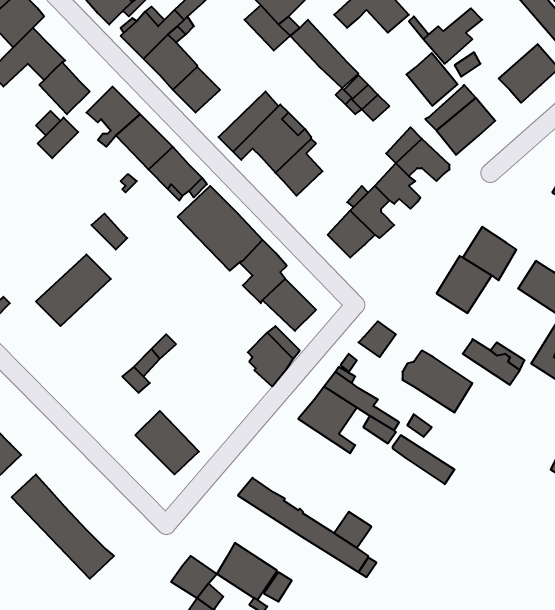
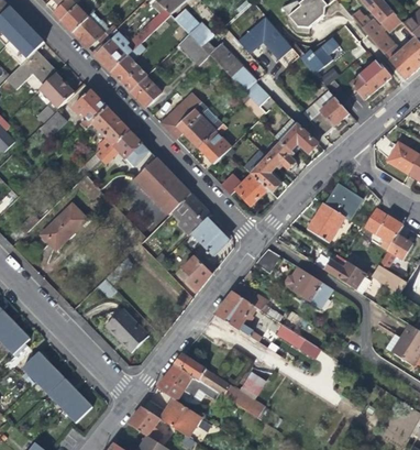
building: [406,53,458,106] -> none
building: none -> [158,365,217,399]

